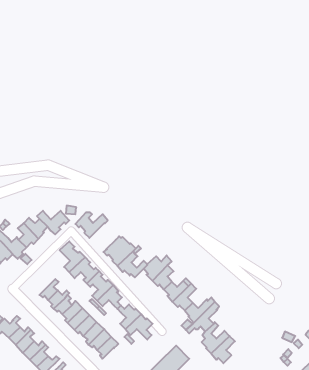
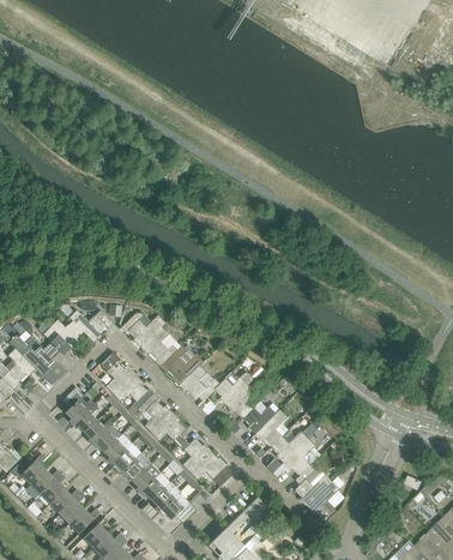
building: none -> [140,326,176,366]
building: none -> [64,386,93,424]
building: none -> [158,493,195,522]

